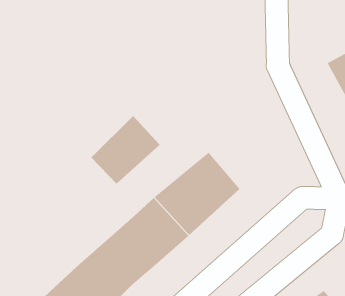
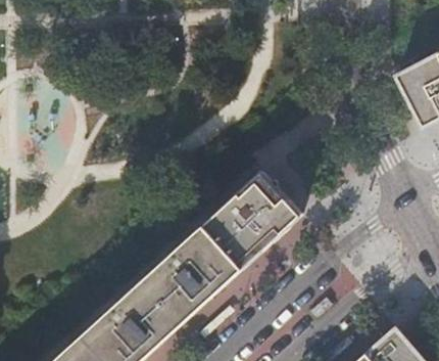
building: [90,115,161,185] -> none

